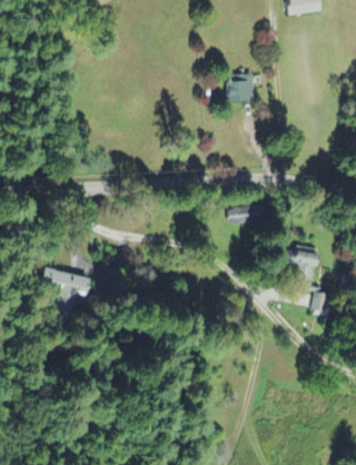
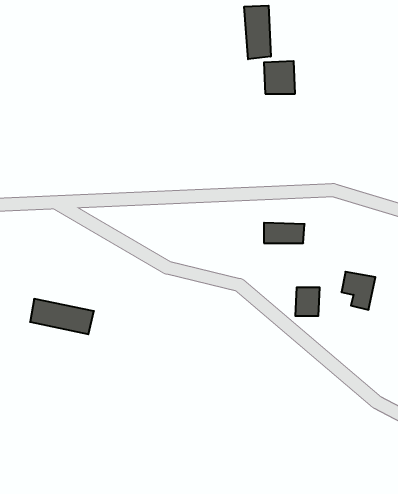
building: none -> [244,6,271,59]
building: [309,291,329,315] -> [295,287,320,316]

